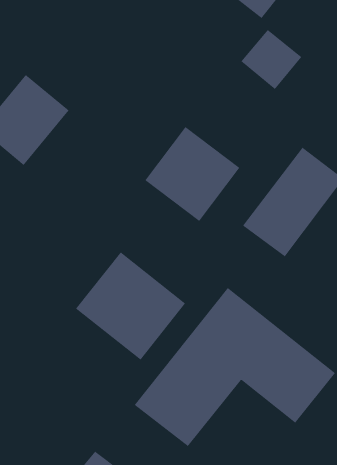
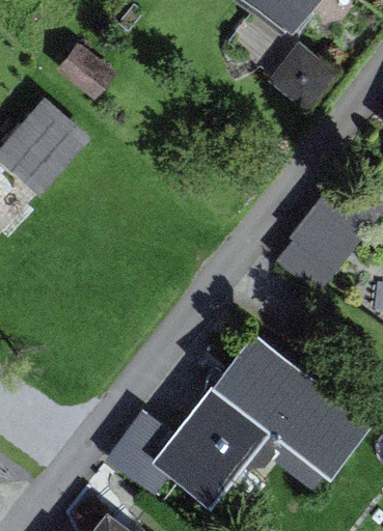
building: [145,126,240,222] -> none
building: [75,252,186,360] -> none

